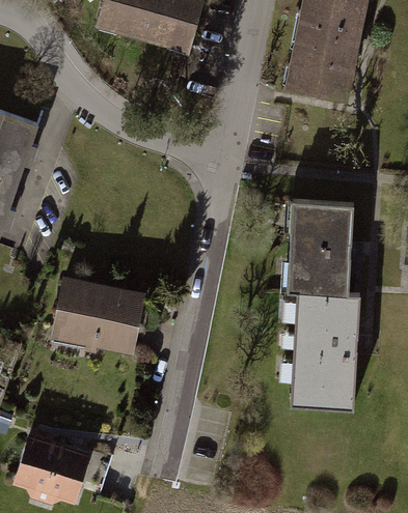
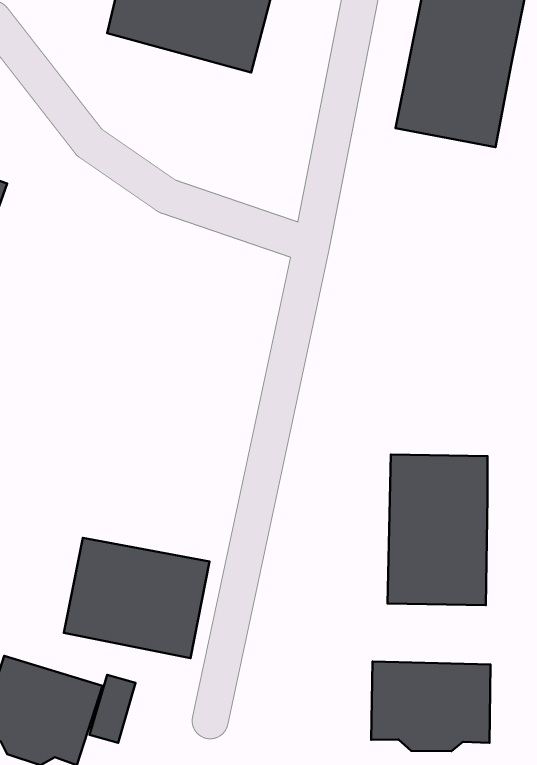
building: [285,203,351,303] -> none
building: [54,276,149,354] -> [64,538,210,658]
building: none -> [371,662,491,751]

